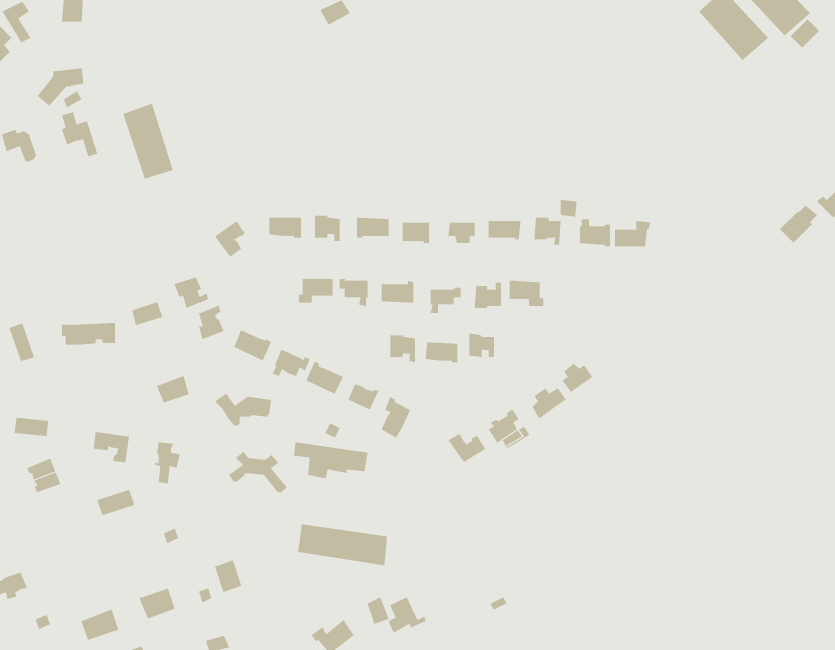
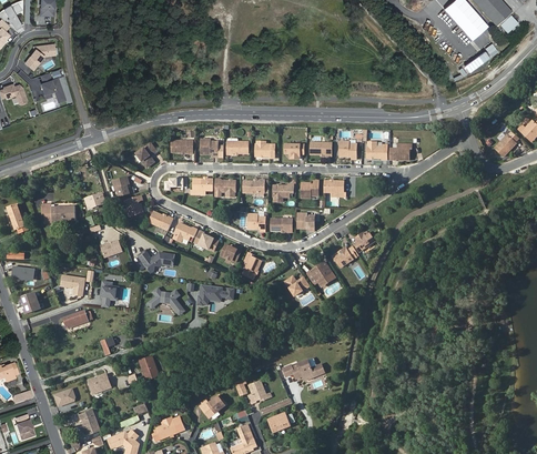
building: [122,103,174,180] -> none
building: [298,523,388,566] -> none
building: none -> [282,359,324,379]

